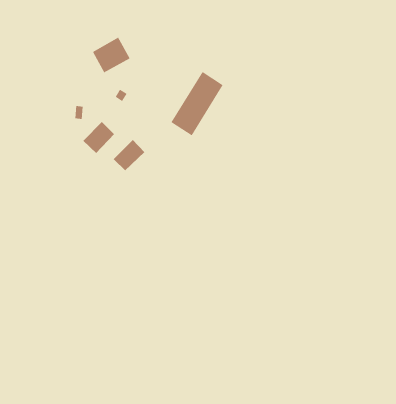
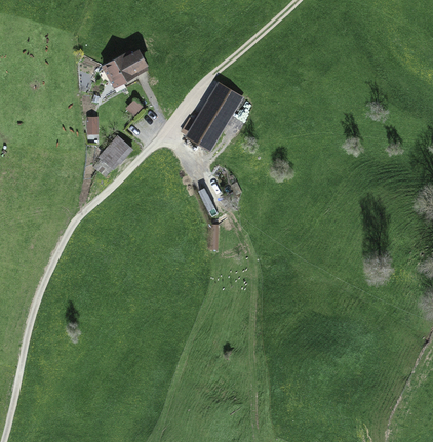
building: [113,139,145,171] -> none

